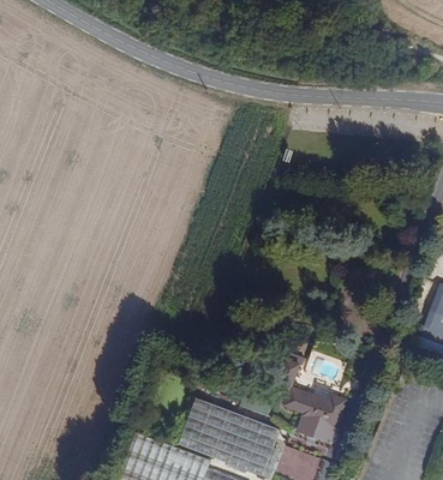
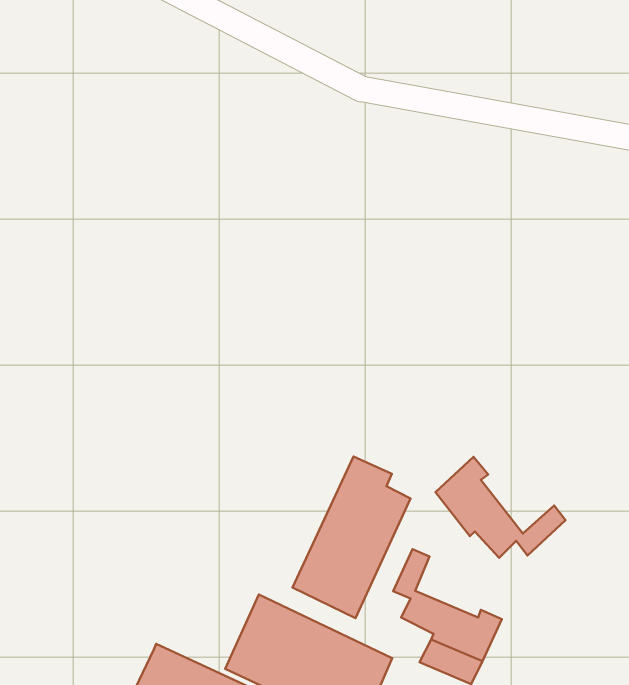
building: none -> [436,457,566,558]
building: none -> [292,457,410,618]

